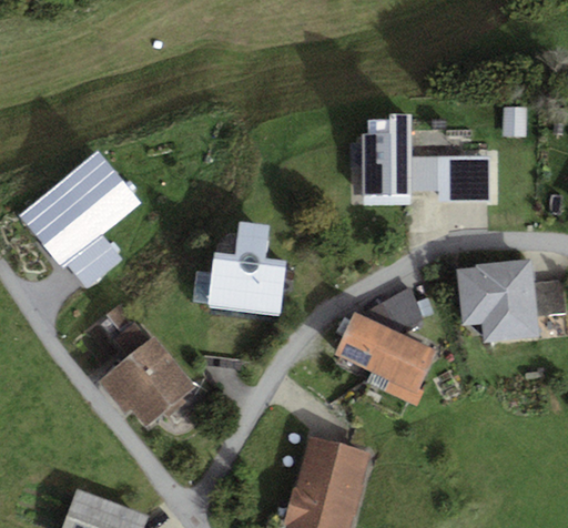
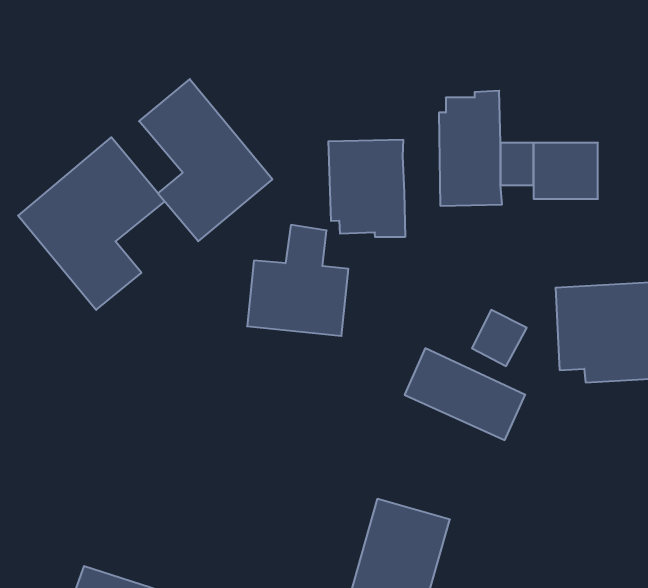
building: none -> [139,79,272,241]
building: none -> [328,140,405,237]
building: [102,343,191,429] -> none

